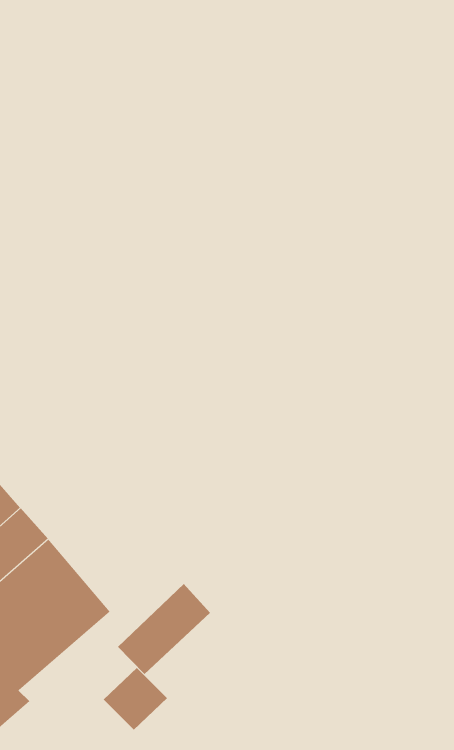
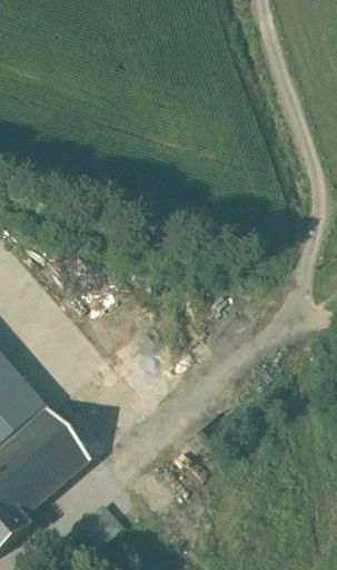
building: [117,583,211,675] -> none

